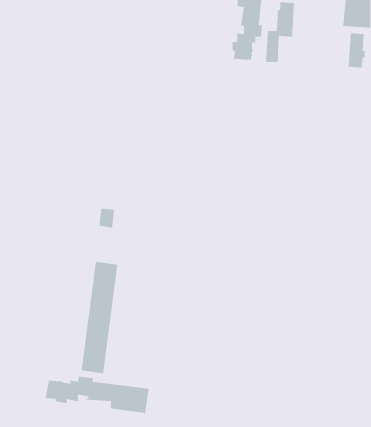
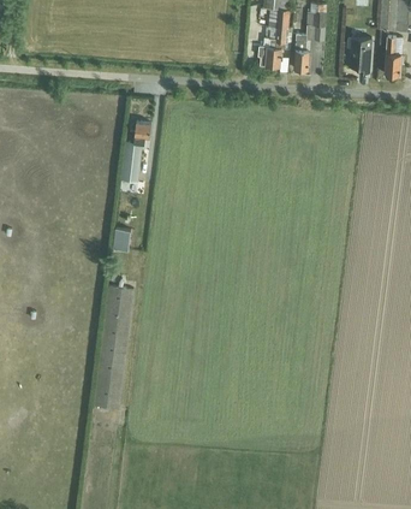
building: none -> [349,36,370,72]
building: none -> [120,120,150,182]
building: [45,376,149,414] -> none

